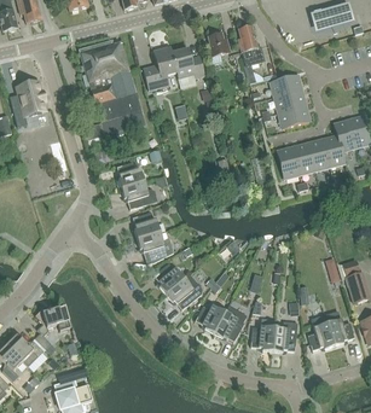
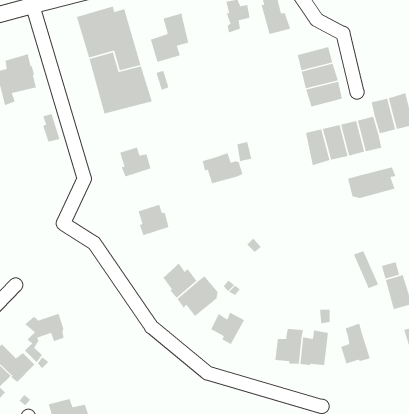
building: [172,48,204,78] -> none
building: none -> [347,167,396,199]
building: [121,181,157,209] -> [202,152,244,184]
building: [137,232,173,264] -> none
building: [213,306,247,342] -> none
building: [324,310,354,345] -> none

